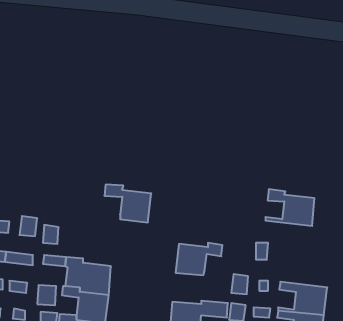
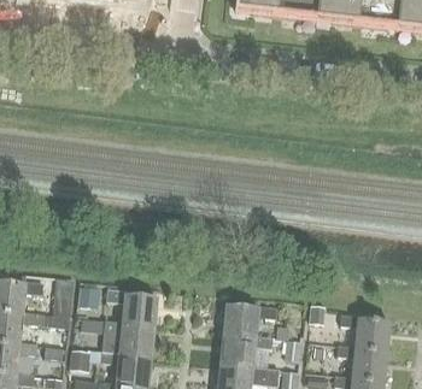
building: [104,185,151,222] -> [106,288,157,329]
building: [265,189,314,226] -> [336,312,389,352]
building: none -> [219,334,270,370]

